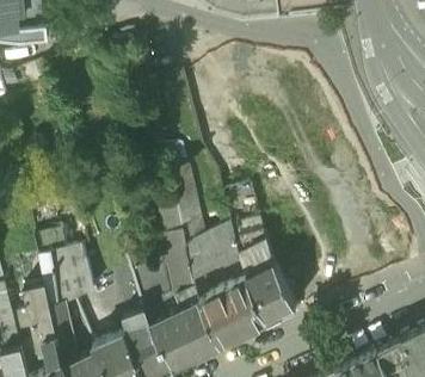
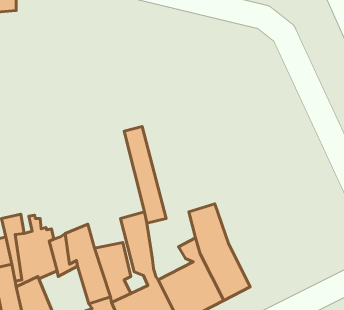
building: [183,224,234,289] -> none

